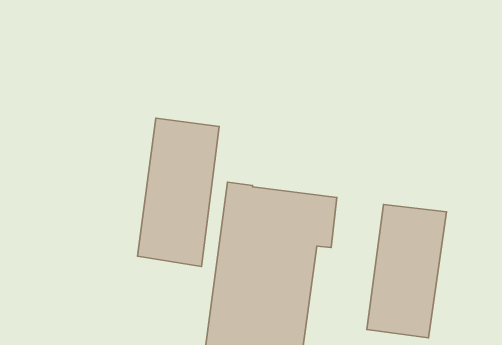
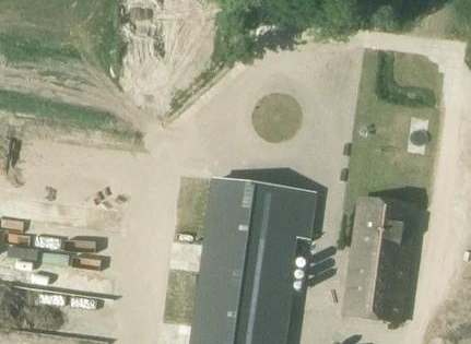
building: [137,118,219,266] -> none

